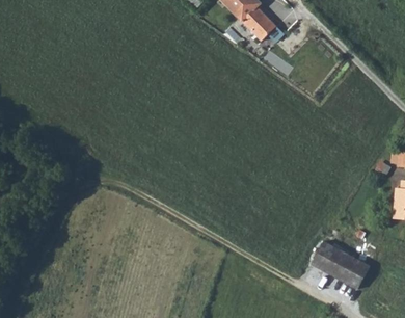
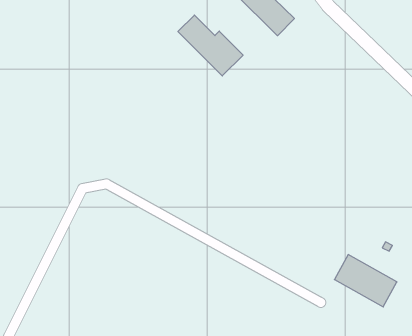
building: none -> [178,15,243,76]

